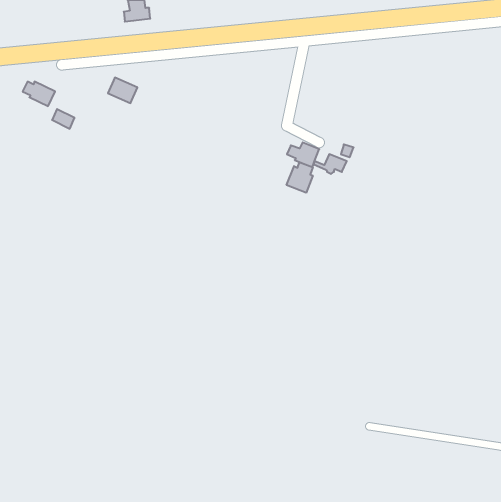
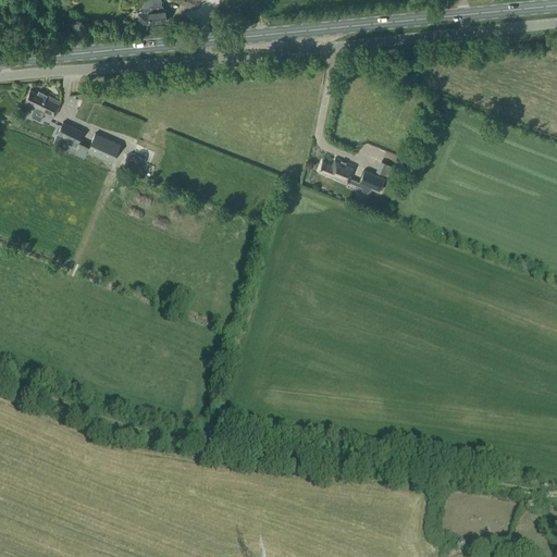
building: [108,78,137,103] -> [88,133,121,161]
building: [287,162,313,193] -> none

